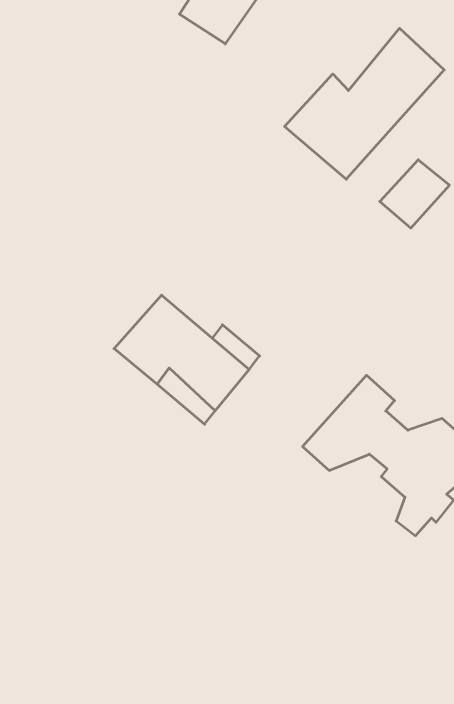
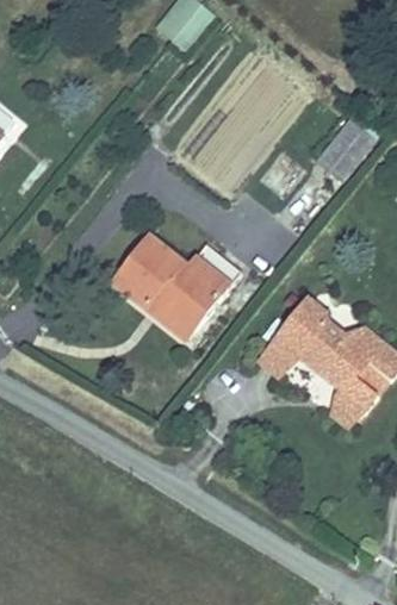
building: [285,28,444,179] -> none

